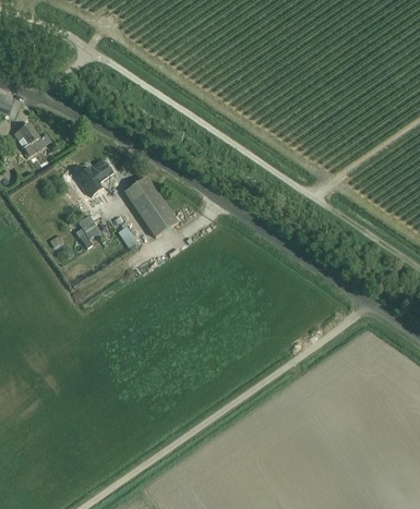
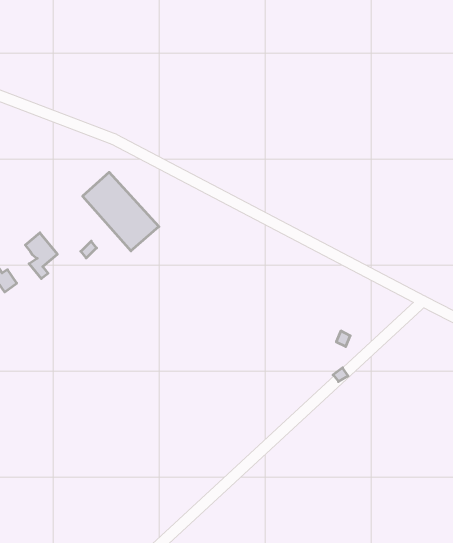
building: [72,162,112,193] -> none

